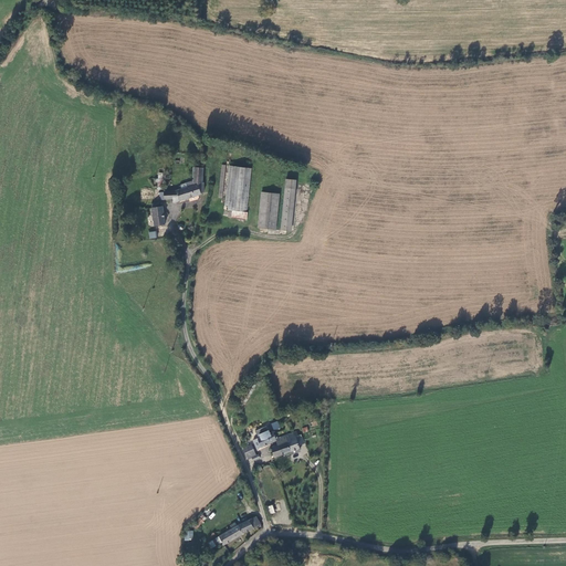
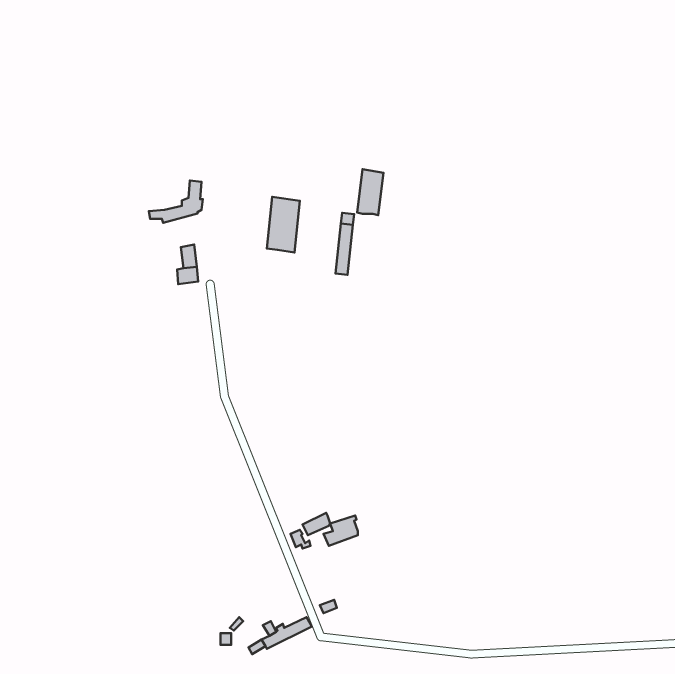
building: [159,166,205,201] -> [149,181,203,223]
building: [258,190,280,229] -> [357,169,383,215]

